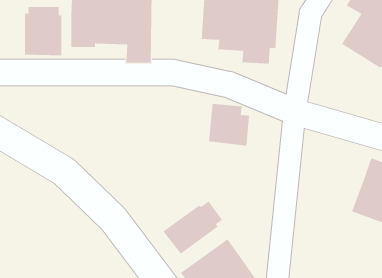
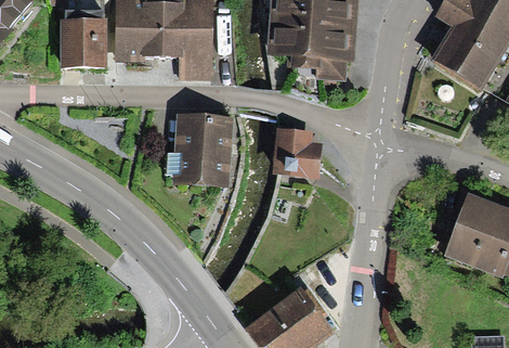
building: none -> [172,116,232,186]
building: [163,201,223,254] -> none

